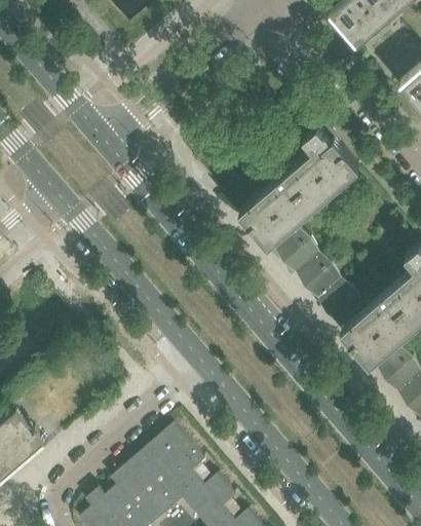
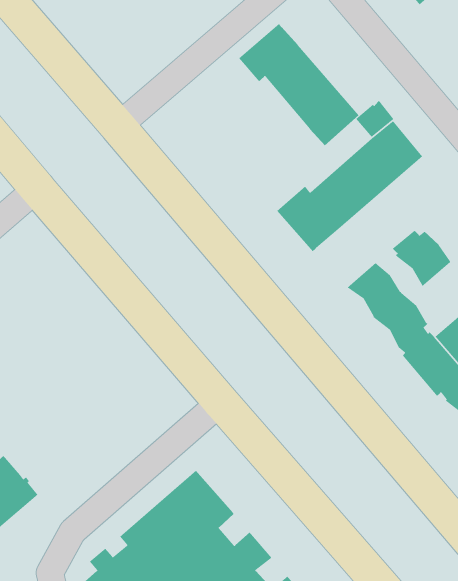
building: none -> [238,23,359,146]
building: [271,228,319,275] -> [392,230,451,288]

